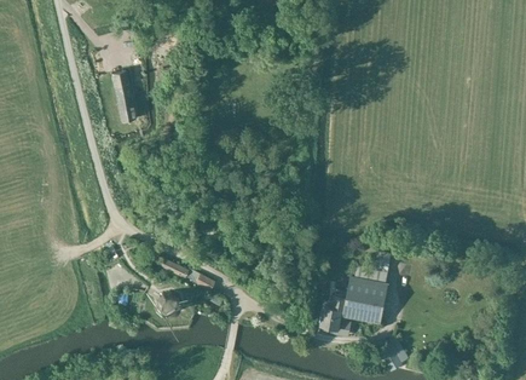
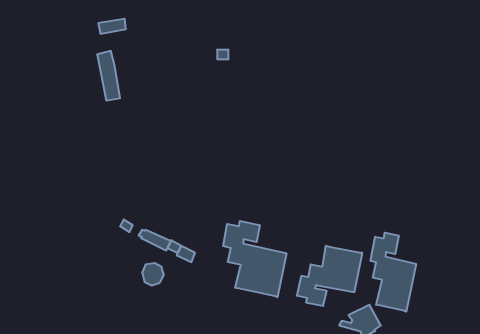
building: none -> [223,221,286,297]
building: none -> [371,233,416,312]

